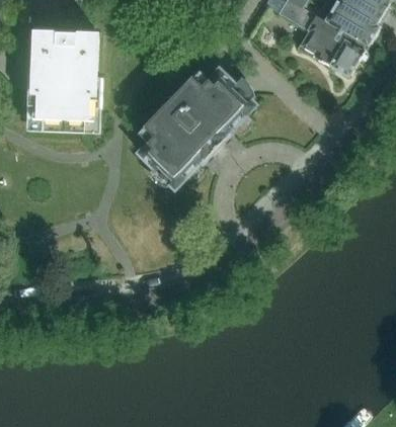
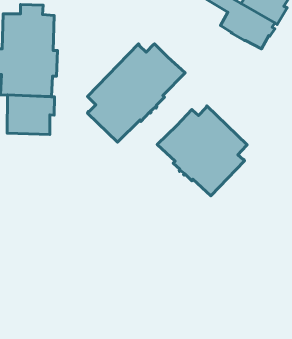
building: none -> [7,95,55,135]
building: none -> [157,106,247,196]

